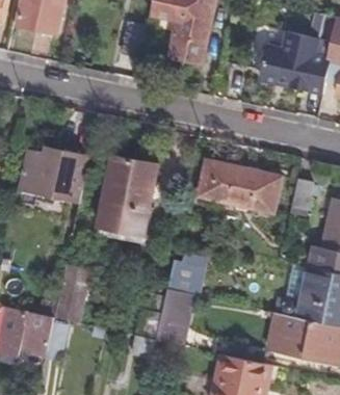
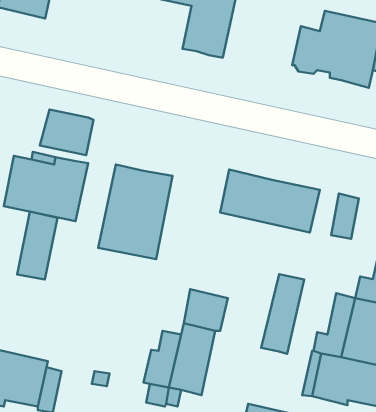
building: none -> [40,110,94,155]
building: none -> [261,274,304,354]
building: [55,267,88,323] -> [17,212,57,280]

